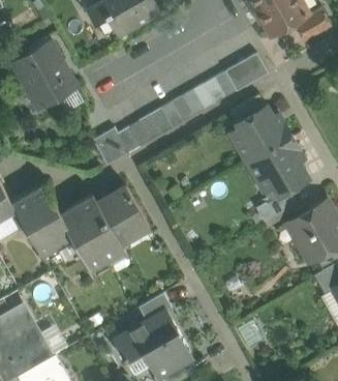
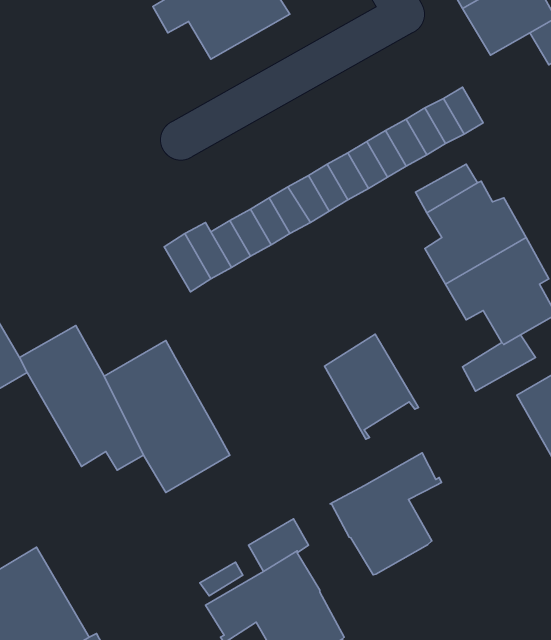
building: [11,40,76,110] -> none
building: [98,184,150,242] -> [325,334,418,439]
building: none -> [330,453,442,575]

